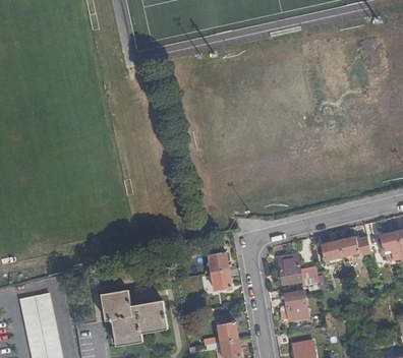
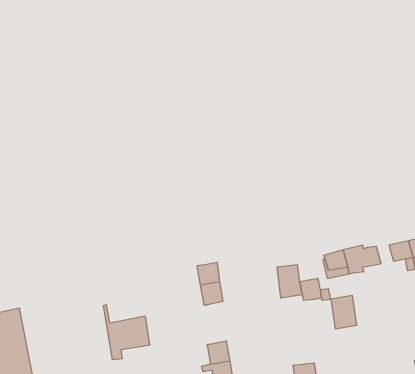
building: [103,291,131,343] -> none
building: [284,292,307,321] -> [331,296,357,329]

